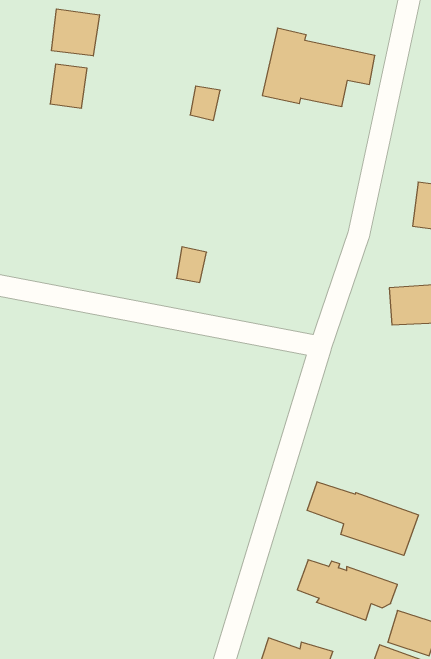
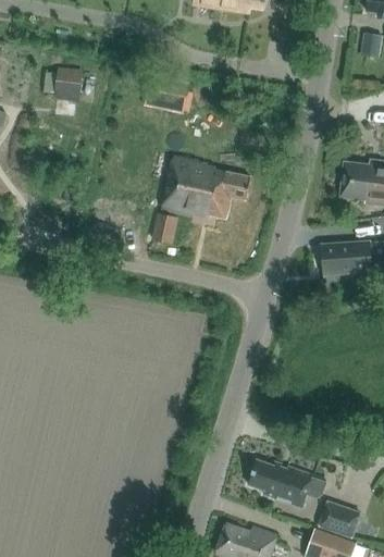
building: [52,9,99,56] -> none
building: [262,28,375,106] -> [160,156,249,218]
building: [307,482,419,555] -> none

